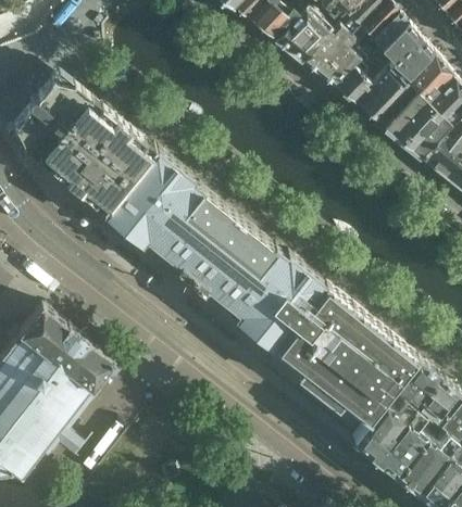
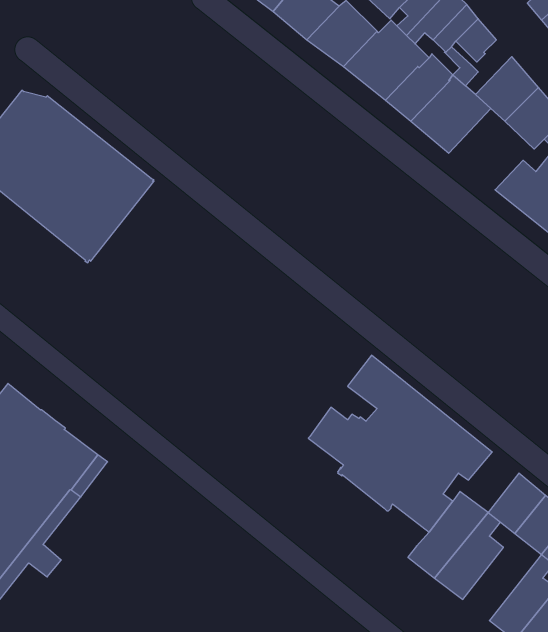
building: [396,40,432,83] -> none
building: [383,93,449,156] -> none
building: [105,150,323,347] -> none
building: [391,359,437,406] -> none
building: [394,431,454,490] -> none

